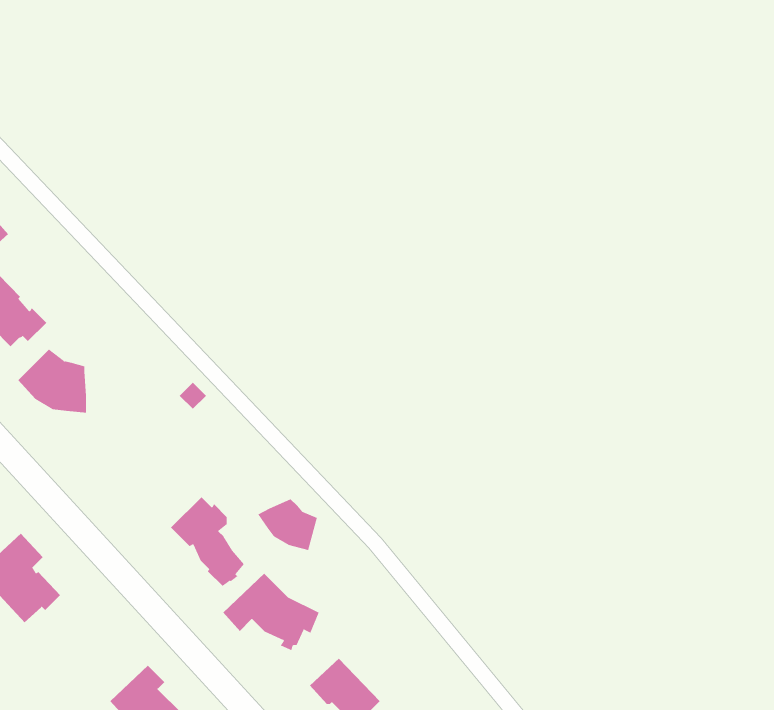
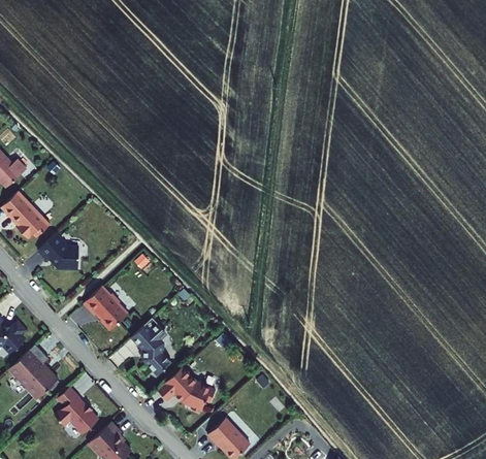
building: none -> [80,286,126,331]
building: [257,498,317,551] -> none
building: none -> [56,386,98,432]

